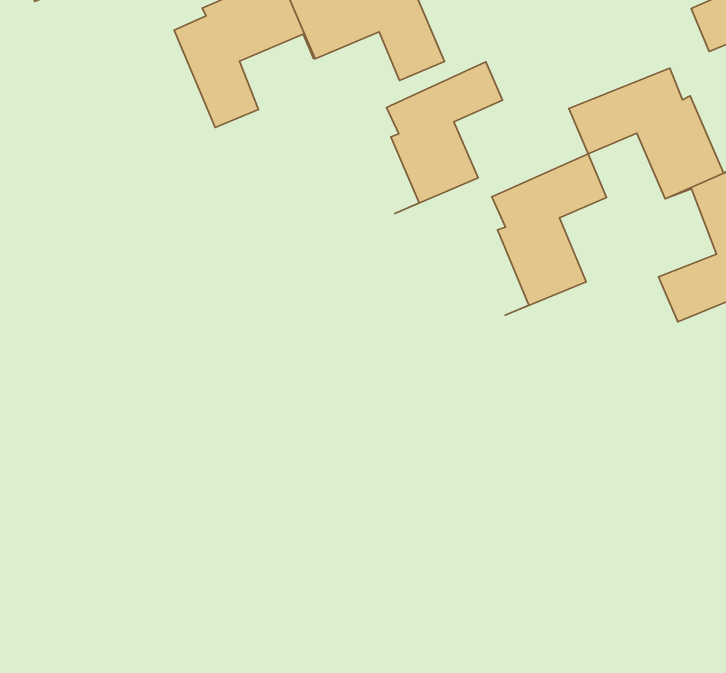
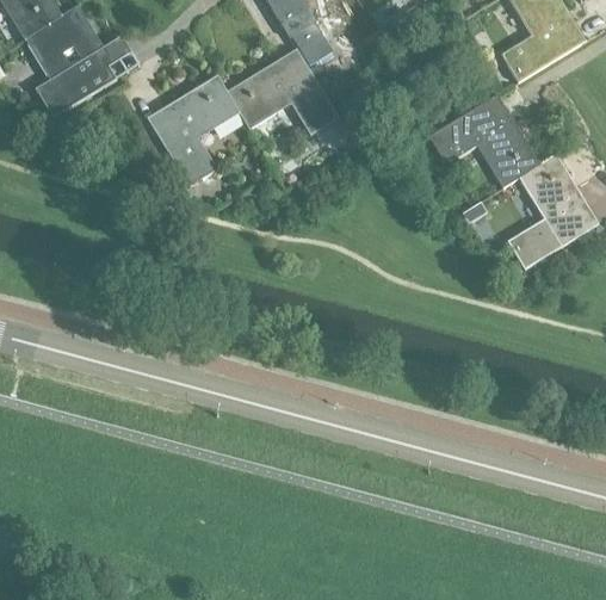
building: [386,62,503,213] -> none
building: [492,154,607,315] -> none

